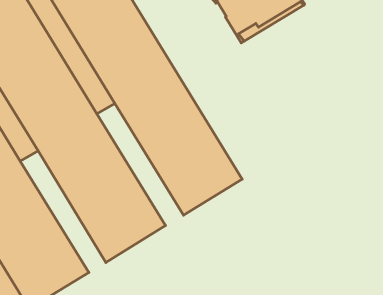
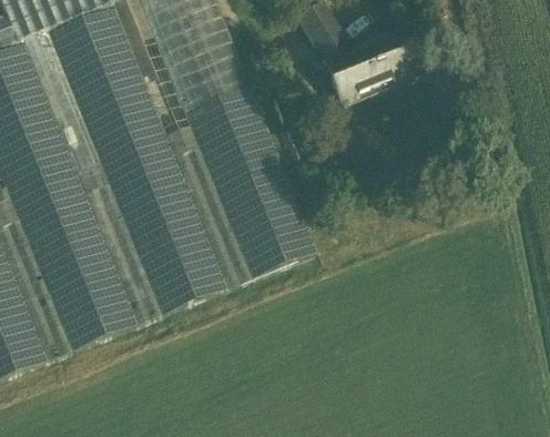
building: none -> [170,148,244,286]
building: none -> [80,184,153,323]

